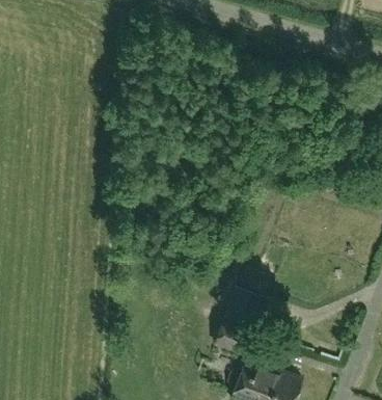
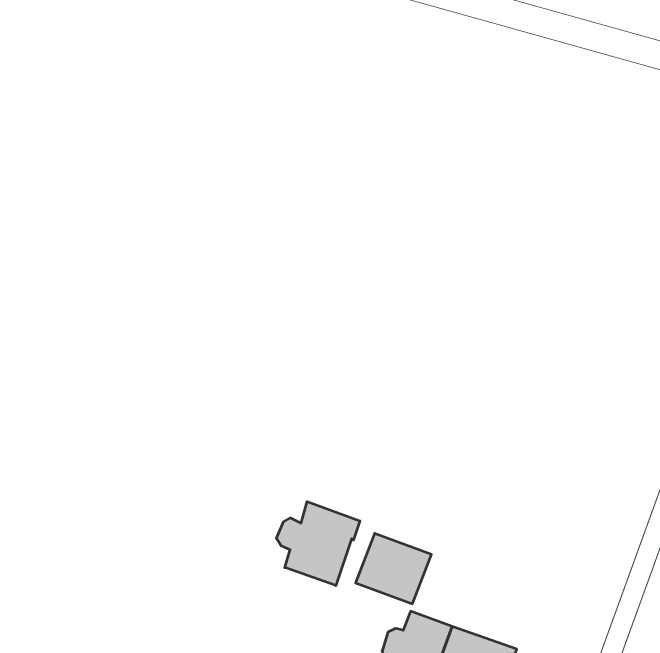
building: none -> [276,502,360,586]

